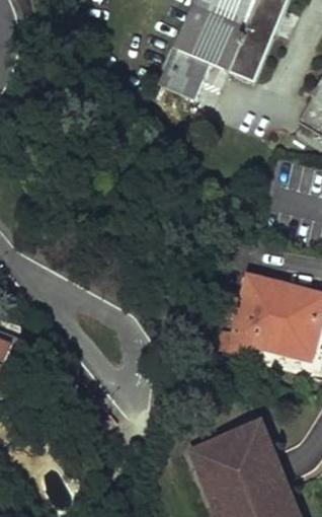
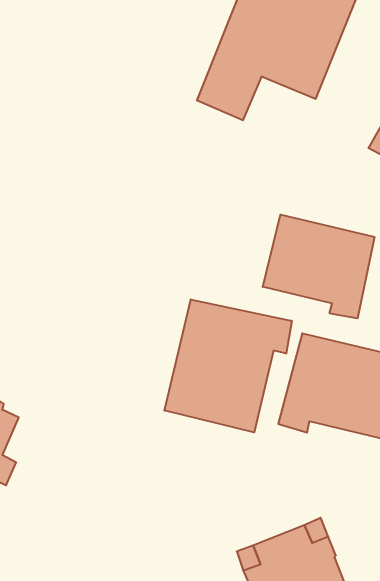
building: none -> [263,215,374,318]
building: none -> [164,299,292,432]

